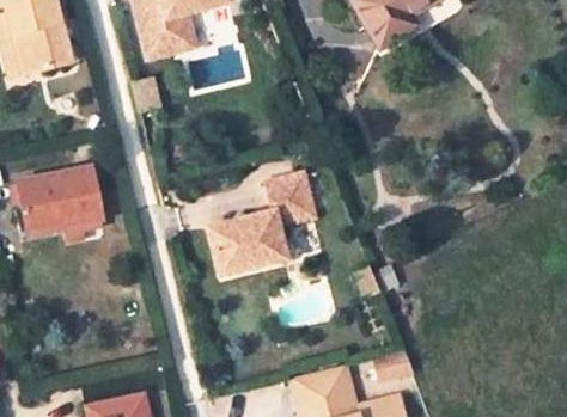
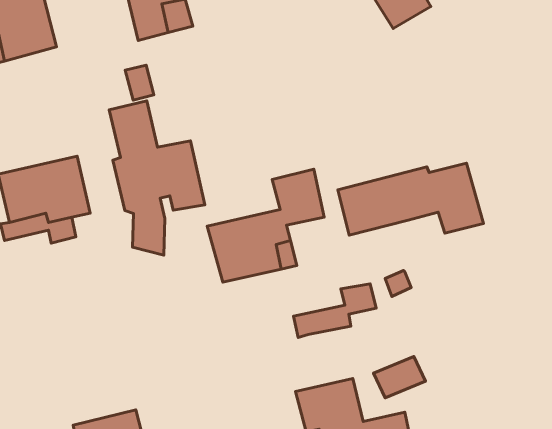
building: none -> [109,101,205,255]
building: none -> [338,163,484,235]
building: none -> [293,284,376,338]

